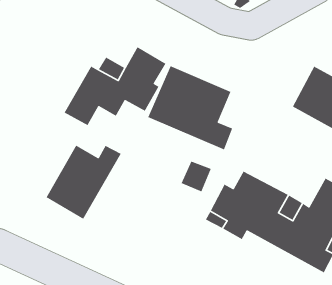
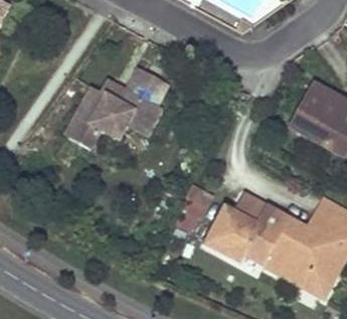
building: [147,65,233,150] -> none
building: [45,145,122,220] -> none

